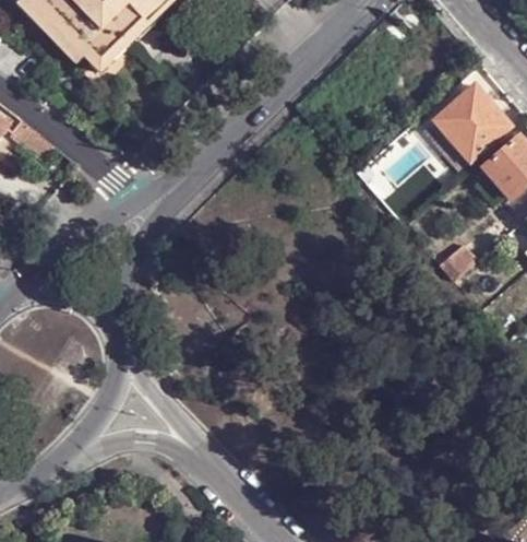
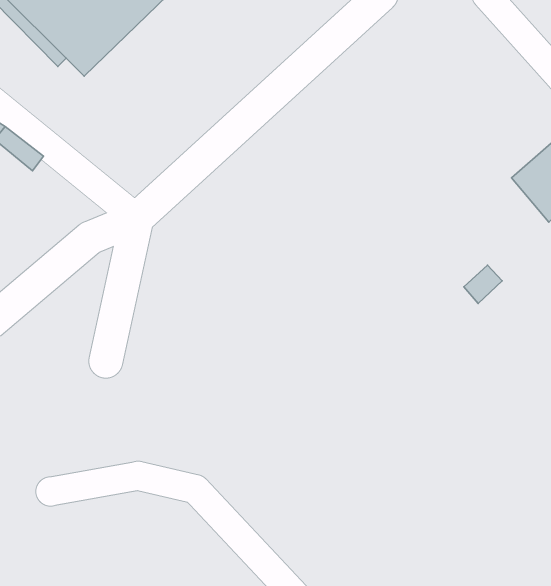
building: [434,81,512,158] -> none

